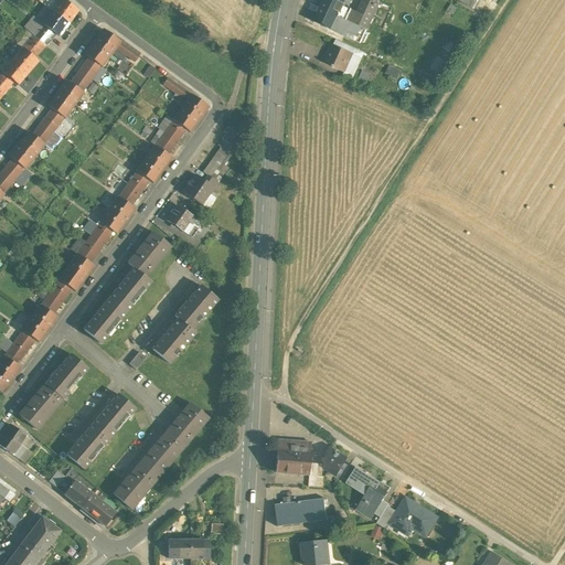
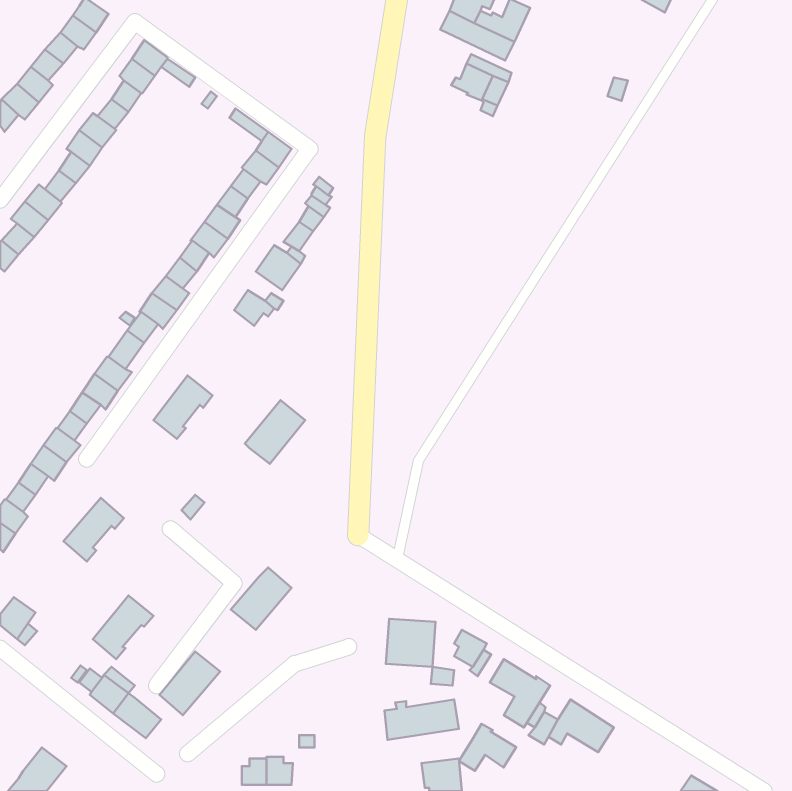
building: [128,232,169,276] -> none
building: [84,299,126,344] -> none
building: [152,319,195,364] -> none
building: [20,385,62,429] -> none
building: [92,394,135,438] -> none
building: [139,434,182,478] -> none
building: none -> [459,724,516,771]
building: [30,516,60,545] -> none

